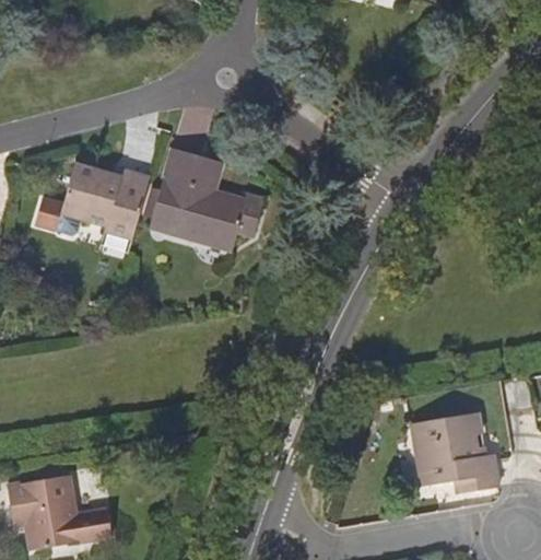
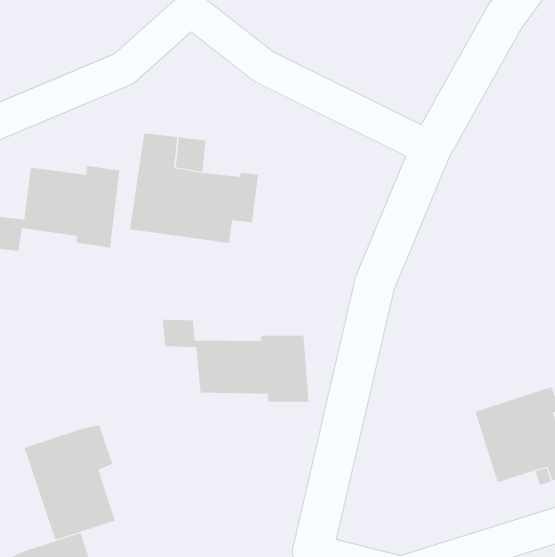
building: none -> [162,319,309,402]
building: none -> [24,425,116,541]

